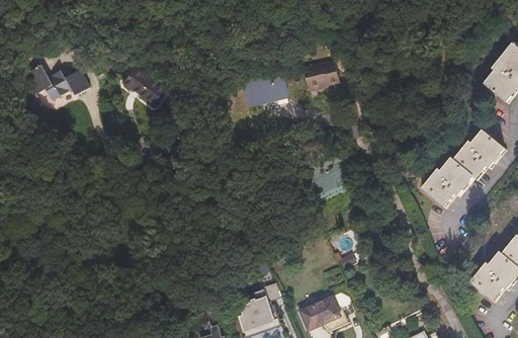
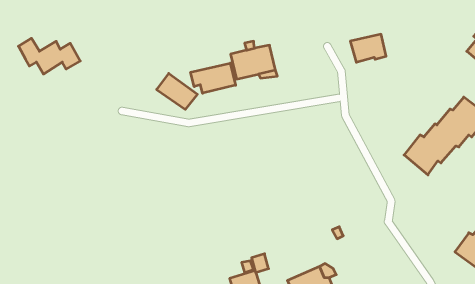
building: [303,61,339,89] -> [350,34,386,62]
building: [123,68,165,104] -> [157,73,197,109]
building: none -> [191,63,236,93]

